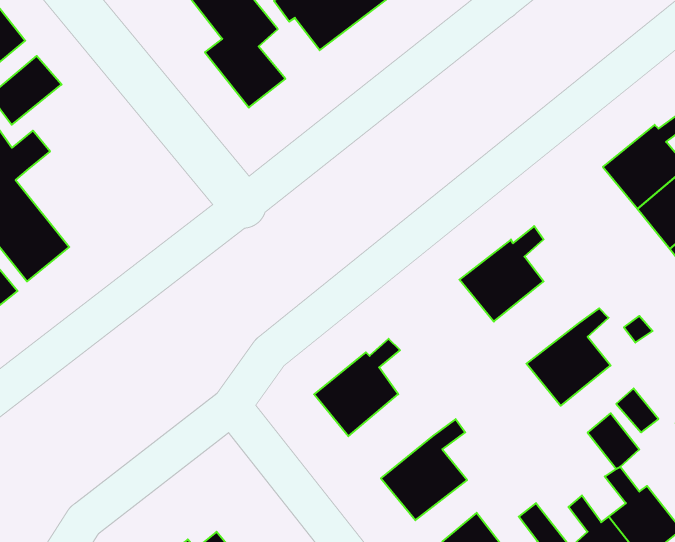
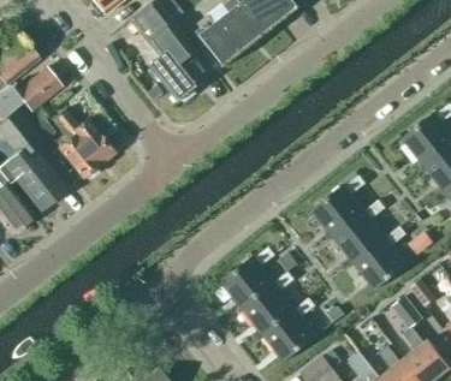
building: none -> [54,111,114,178]
building: none -> [333,201,386,262]
building: none -> [242,270,295,334]

